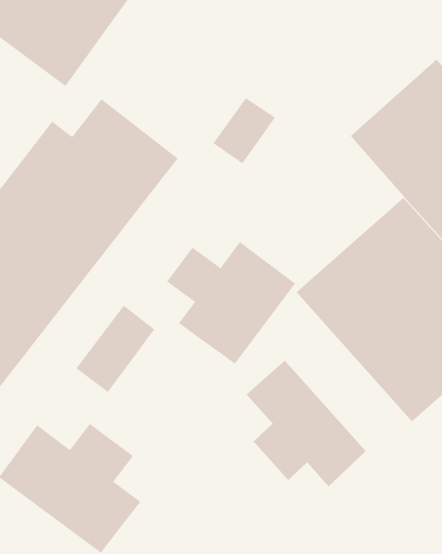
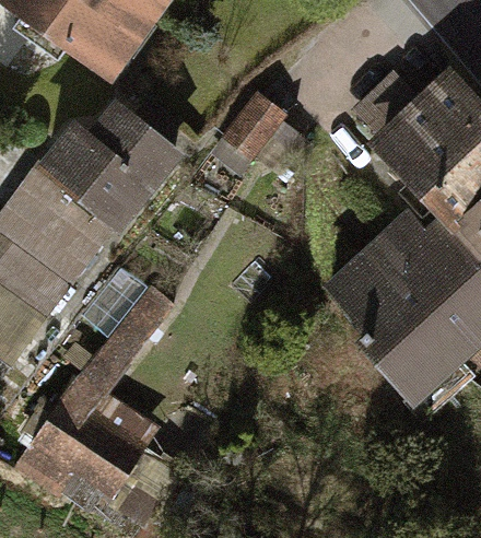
building: [166,241,296,364] -> none
building: [246,360,367,487] -> none

